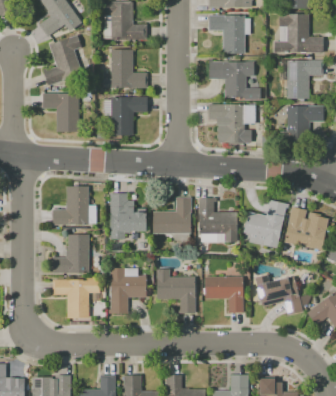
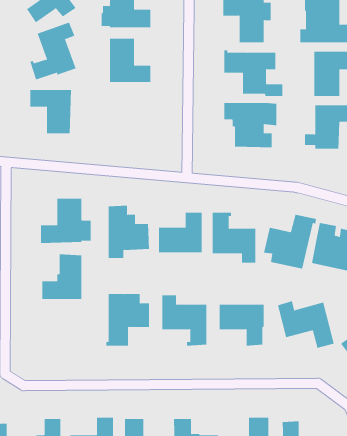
building: [104,97,147,135] -> none
building: [53,278,99,318] -> none

